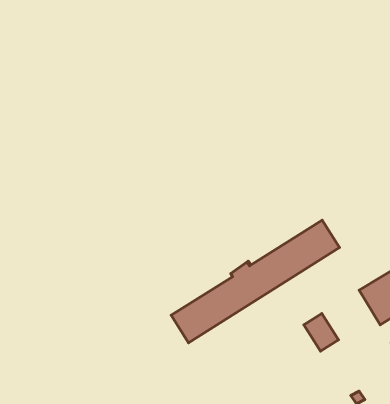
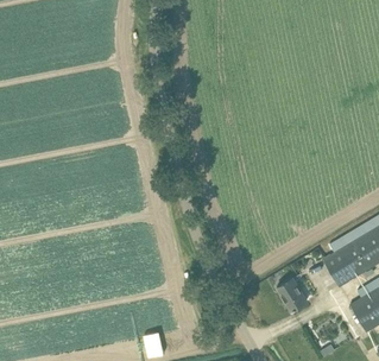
building: [171,220,340,343] -> none

